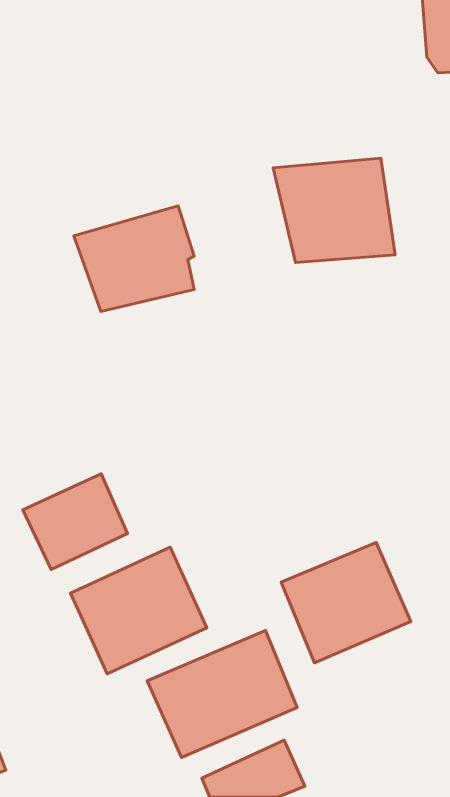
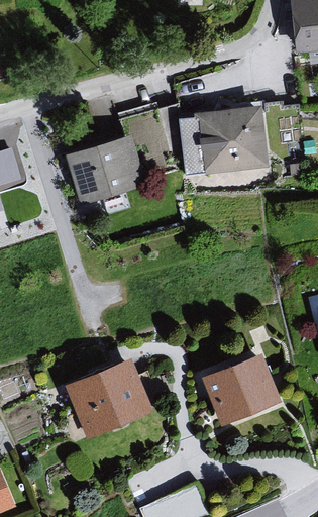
building: [23,474,128,569] -> none
building: [147,631,297,758] -> none

